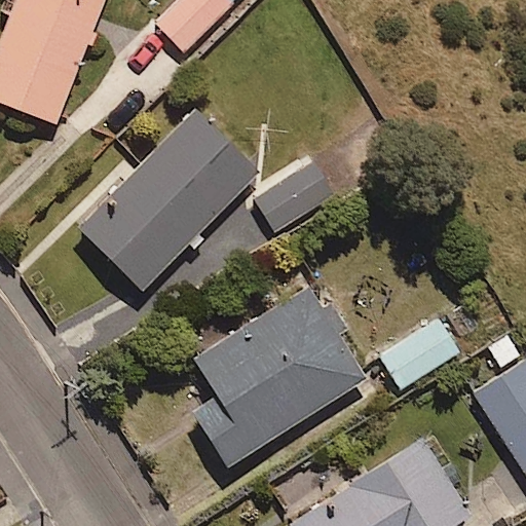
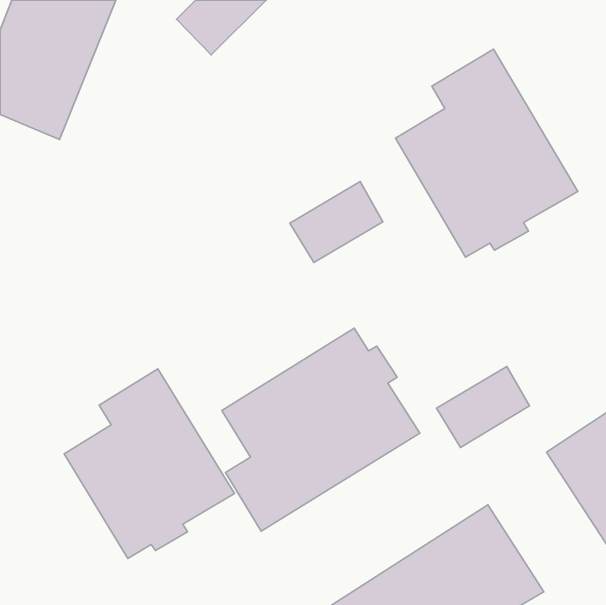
building: none -> [396,49,578,257]
building: [79,110,258,288] -> none
building: none -> [64,369,235,558]

